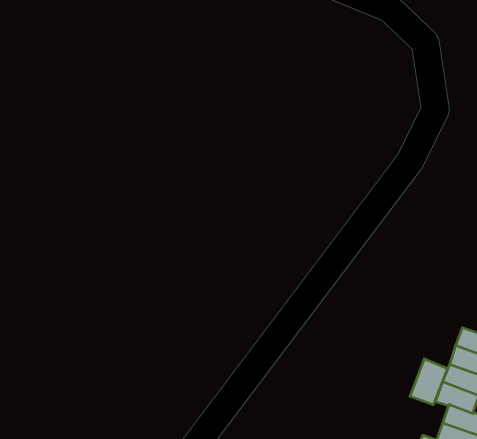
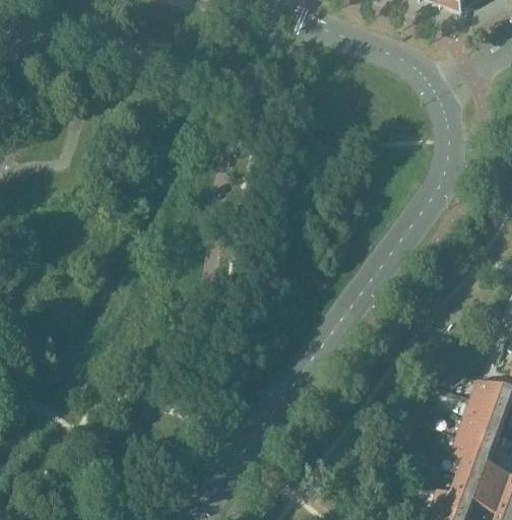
building: [410,359,448,405] -> none

